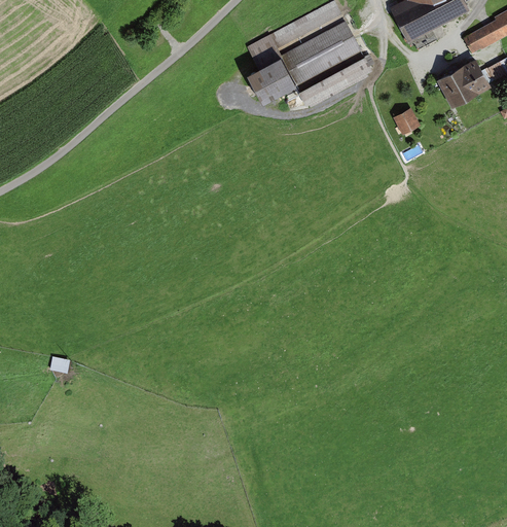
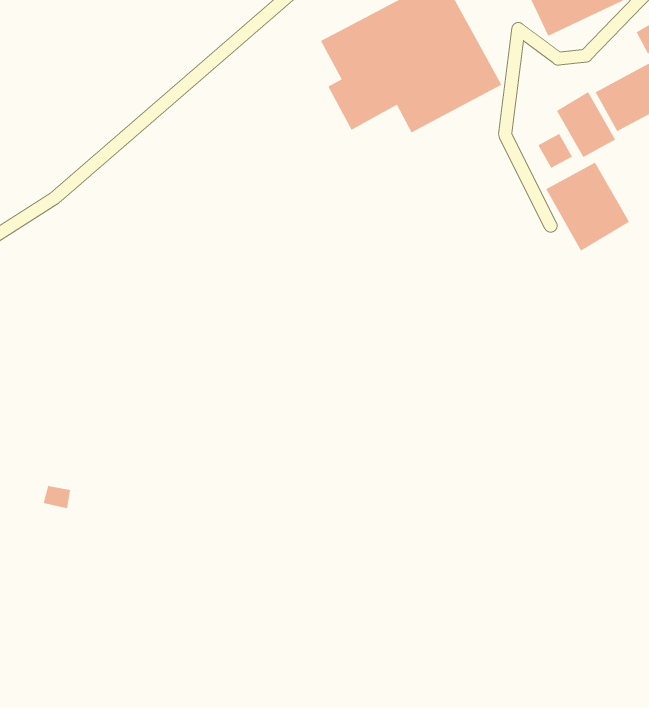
building: none -> [556,91,616,158]
building: none -> [546,162,630,252]

